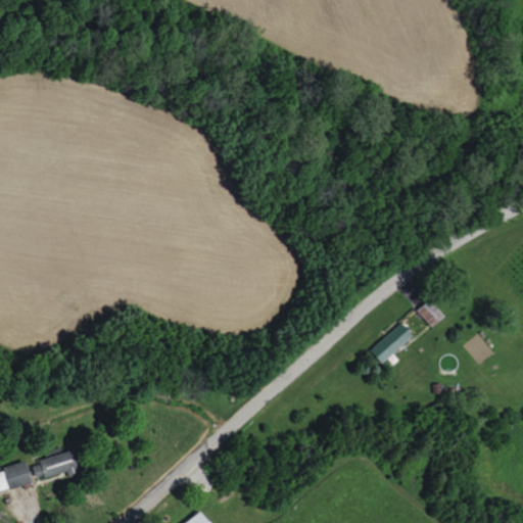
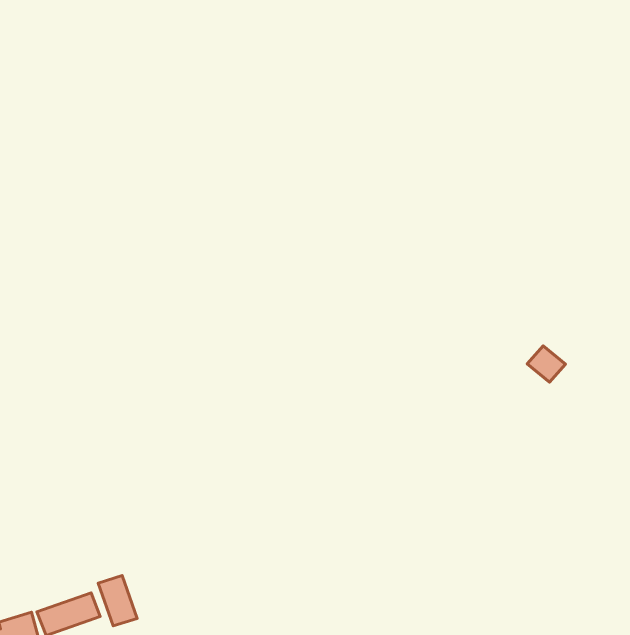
building: [371,322,414,364] -> none
building: none -> [98,575,137,626]

